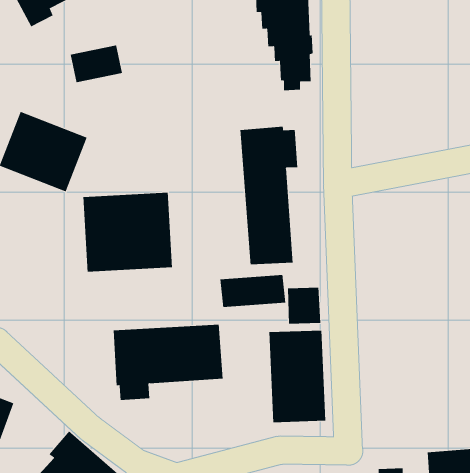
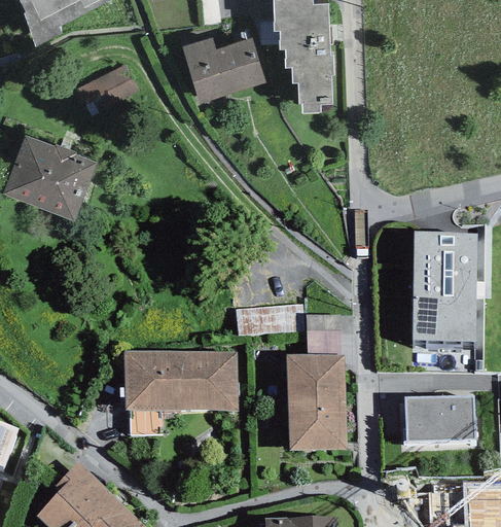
building: none -> [180,32,265,99]
building: [240,126,298,265] -> none
building: [83,192,172,272] -> none
building: none -> [408,238,479,358]
building: none -> [405,401,476,448]

